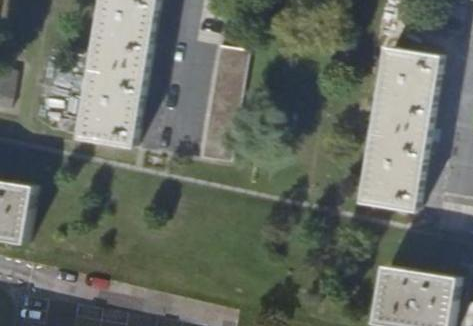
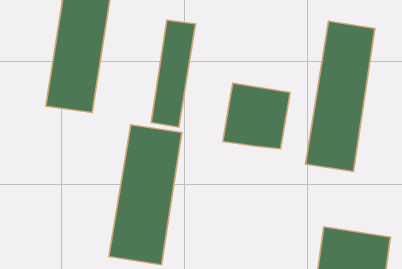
building: none -> [223,83,290,149]
building: none -> [109,125,182,265]

